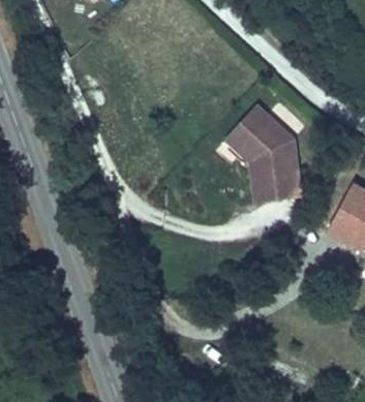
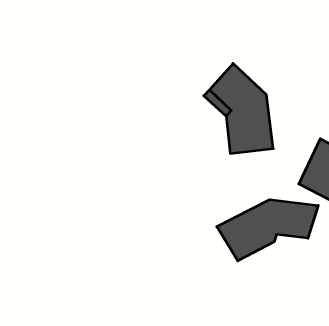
building: none -> [217,200,318,261]

